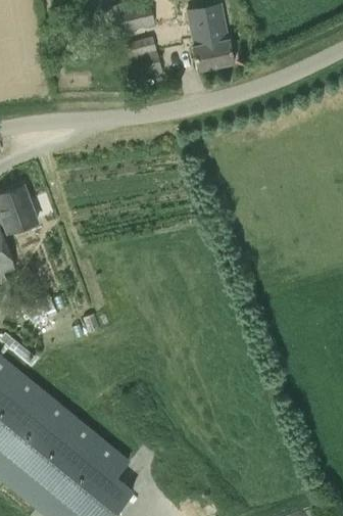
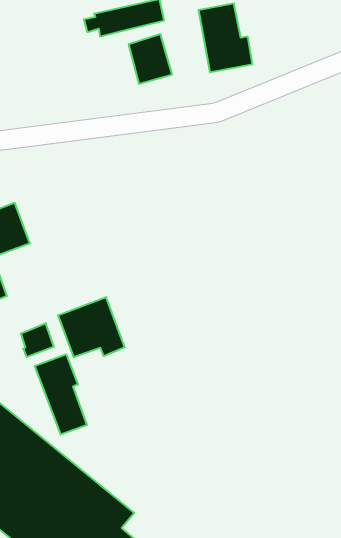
building: none -> [58,297,125,357]
building: none -> [35,354,87,435]

